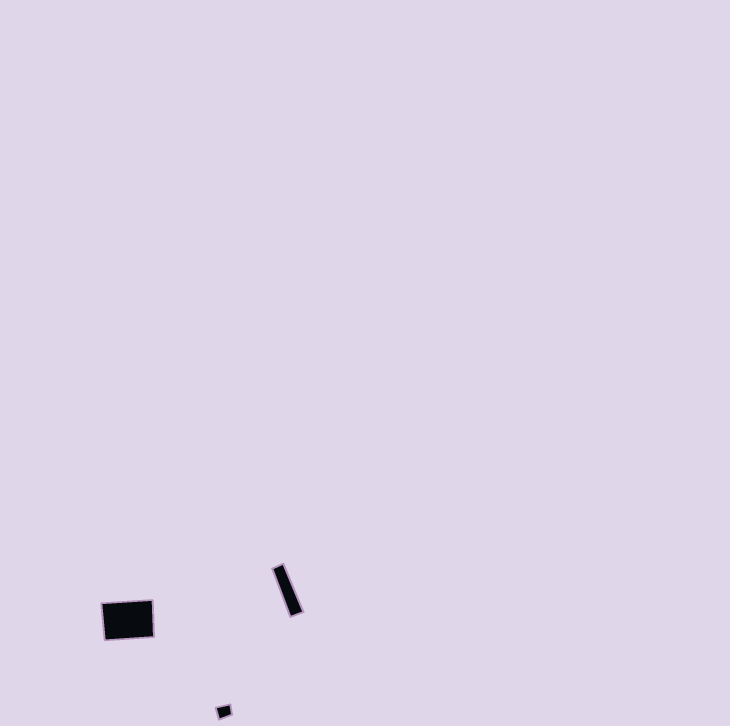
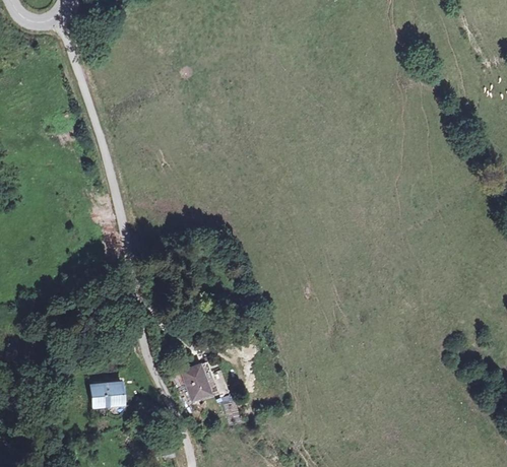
building: none -> [179,364,207,401]

